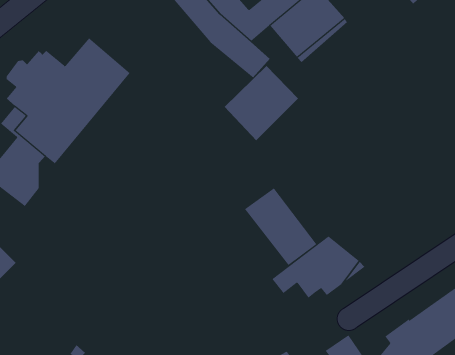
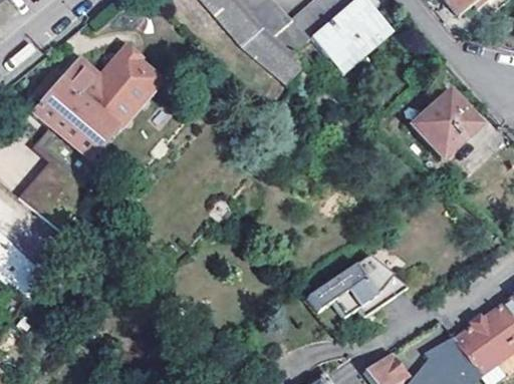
building: [224,65,299,141] -> none
building: none -> [410,89,478,157]
building: [244,188,317,266] -> none

